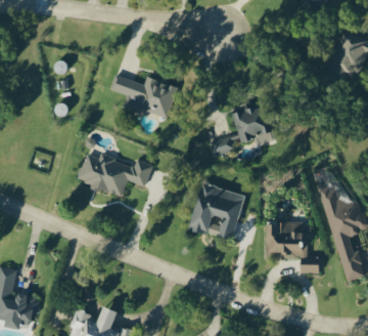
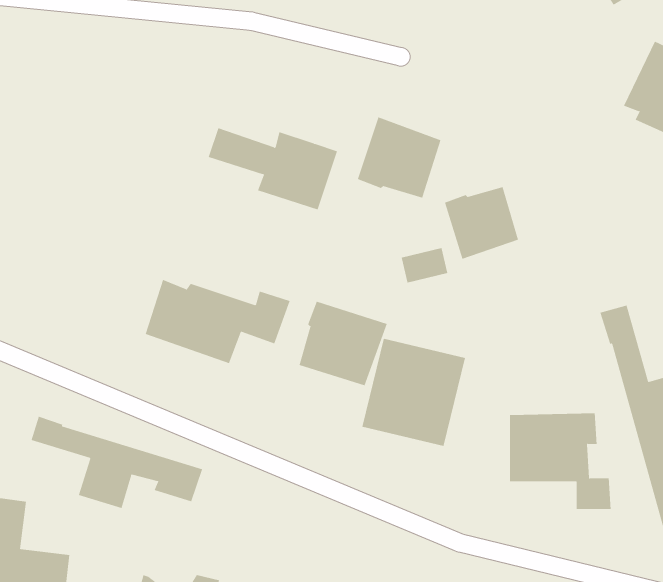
building: none -> [357,116,441,198]
building: none -> [299,301,387,386]
building: none -> [31,416,203,509]

